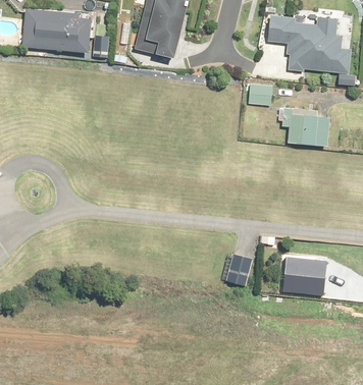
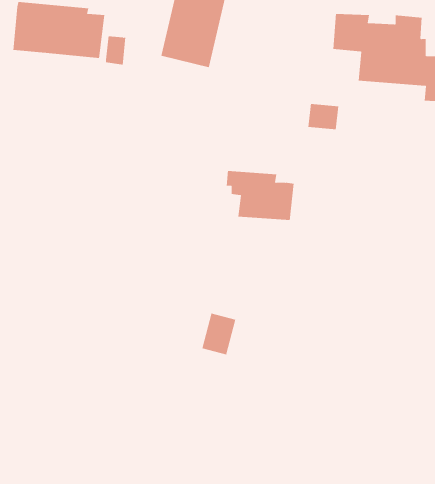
building: [278,107,331,146] -> [226,170,295,221]
building: [225,255,252,287] -> [202,313,236,355]
building: [283,259,326,295] -> none

